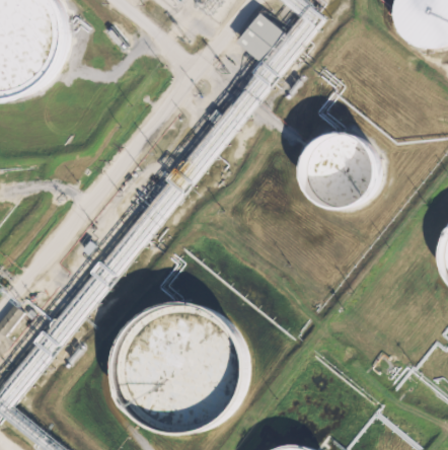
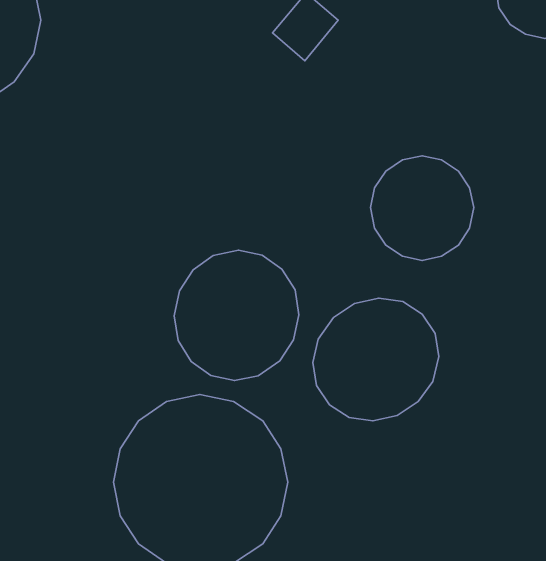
building: none -> [174,250,299,380]
building: none -> [313,298,439,421]

